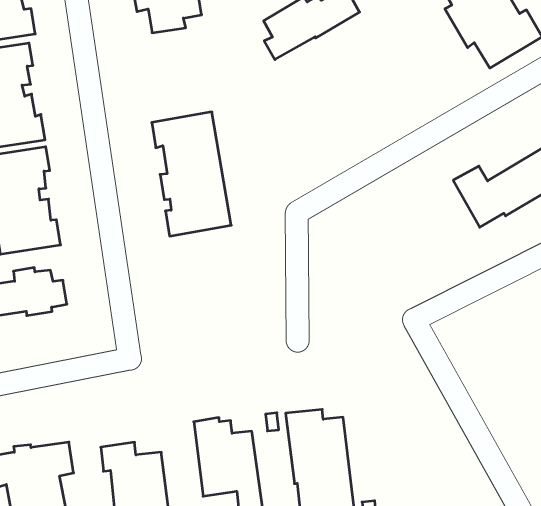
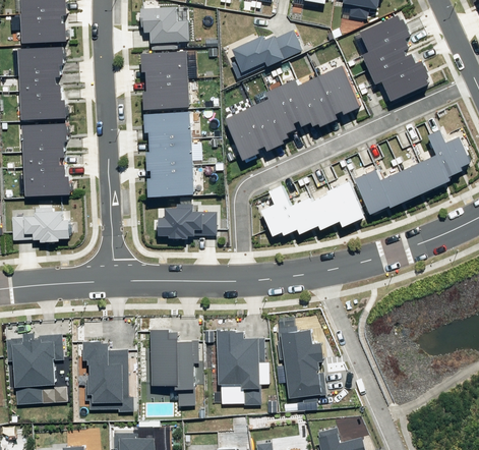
building: none -> [225,64,360,160]
building: none -> [142,52,189,109]
building: none -> [260,181,365,235]
building: none -> [159,207,216,238]
building: none -> [281,328,323,398]

